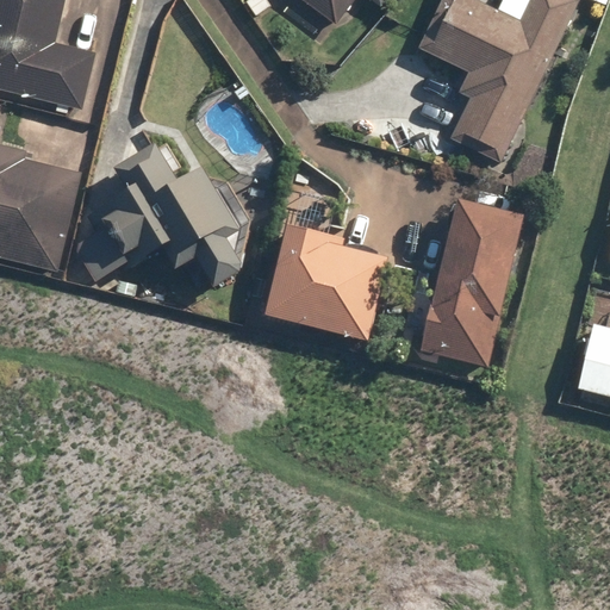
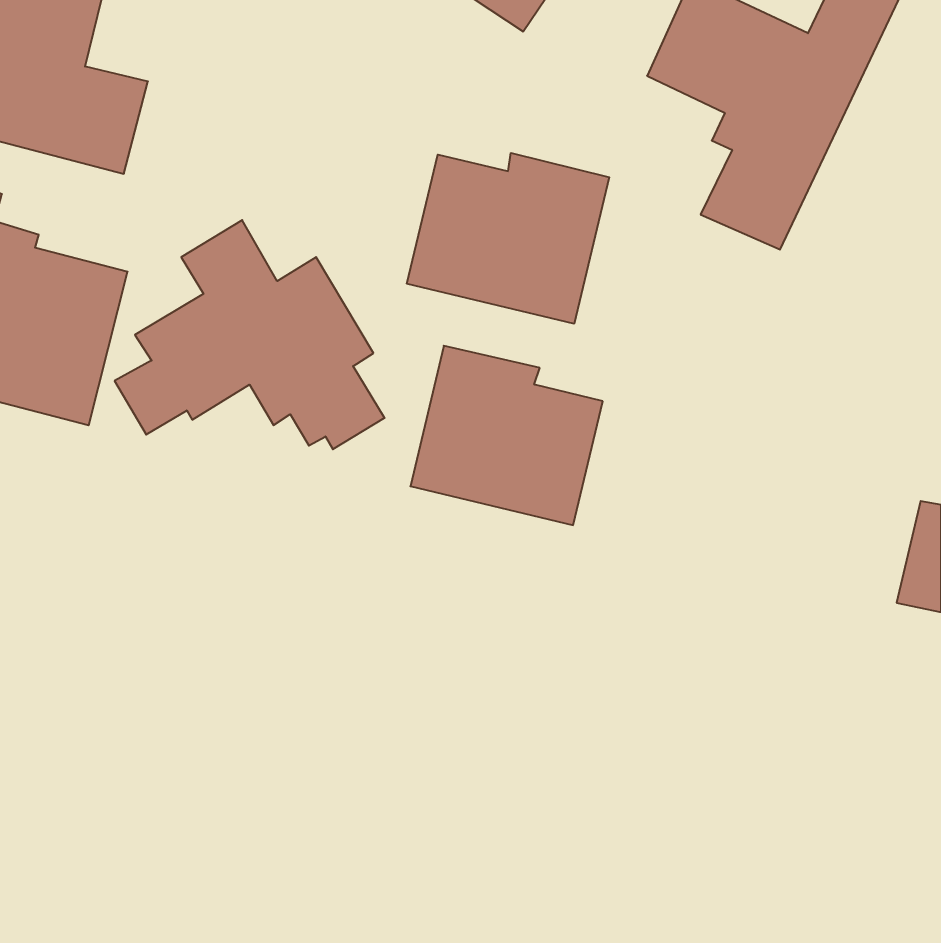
building: none -> [407,153,609,324]
building: [421,199,524,368] -> none

